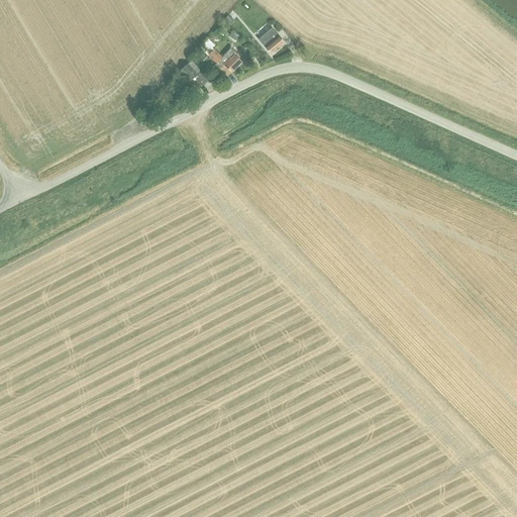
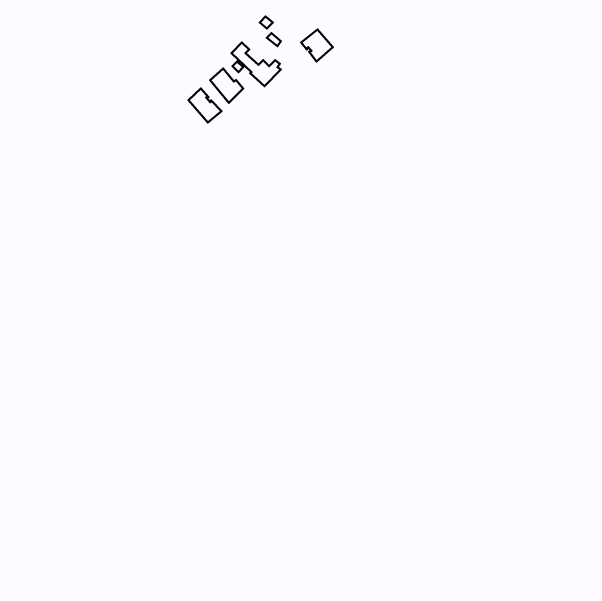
building: none -> [188,88,221,122]

